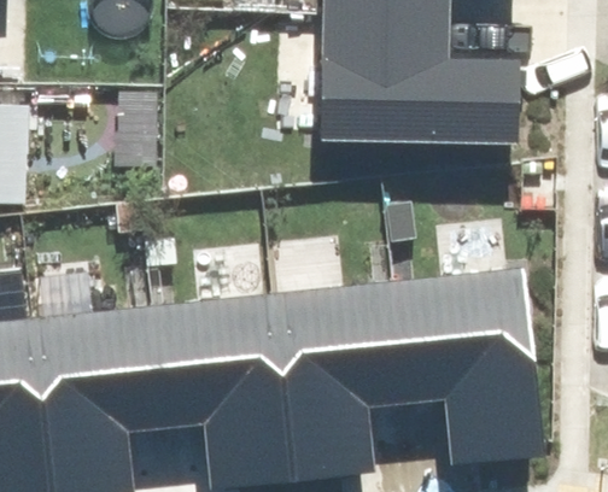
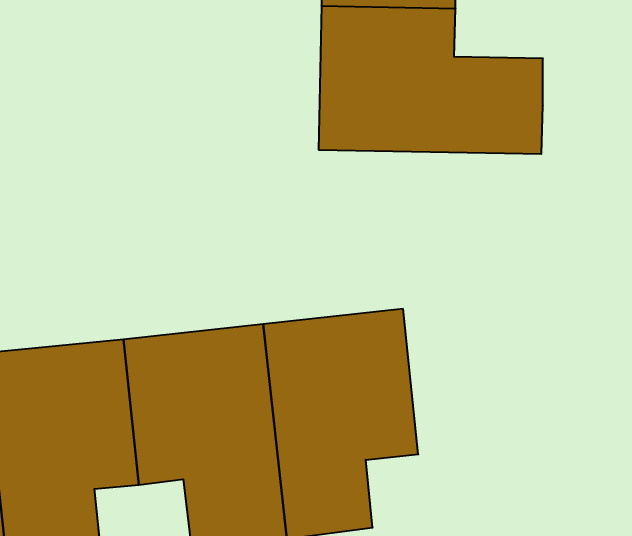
building: [397,266,538,458] -> none

